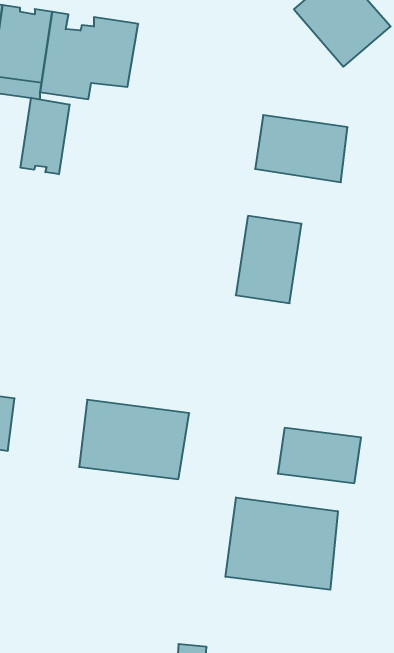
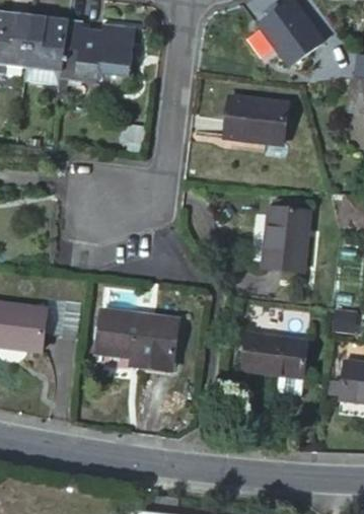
building: [21,98,70,174] -> none
building: [236,216,302,303] -> [262,204,311,270]
building: [226,497,338,590] -> none

